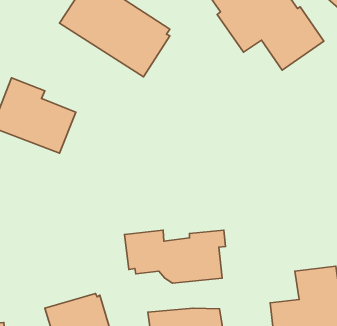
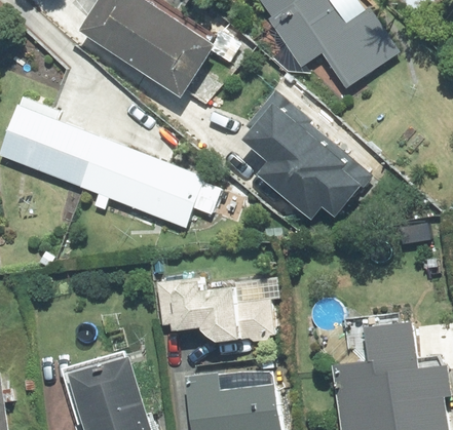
building: none -> [240,89,371,218]
building: none -> [79,136,222,227]

